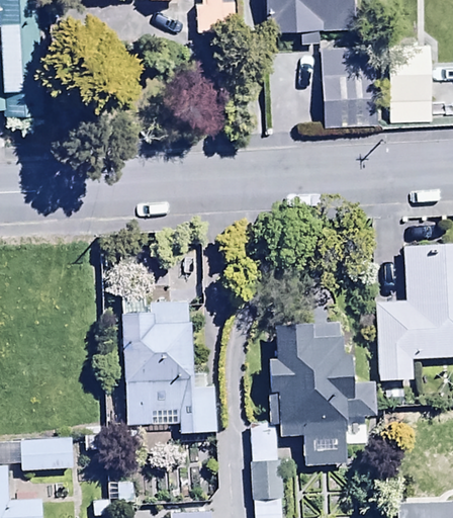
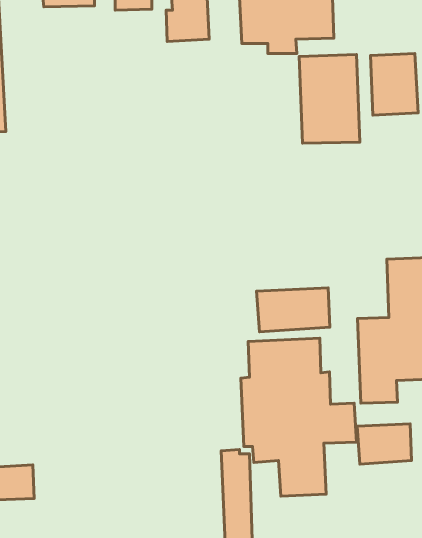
building: none -> [256,288,330,332]
building: [122,296,217,433] -> none
building: none -> [357,424,412,464]

